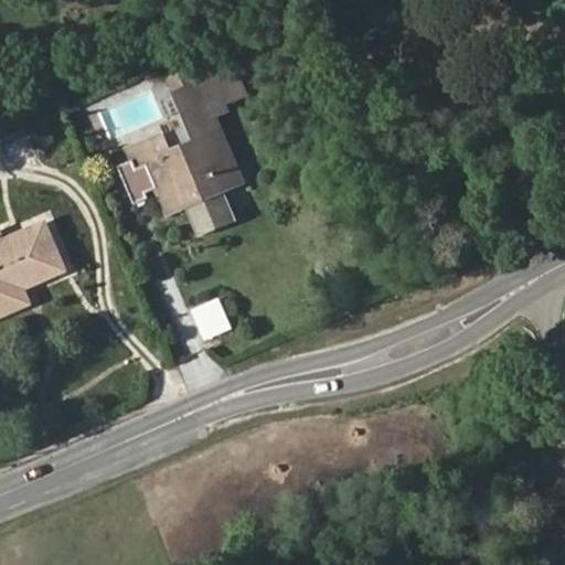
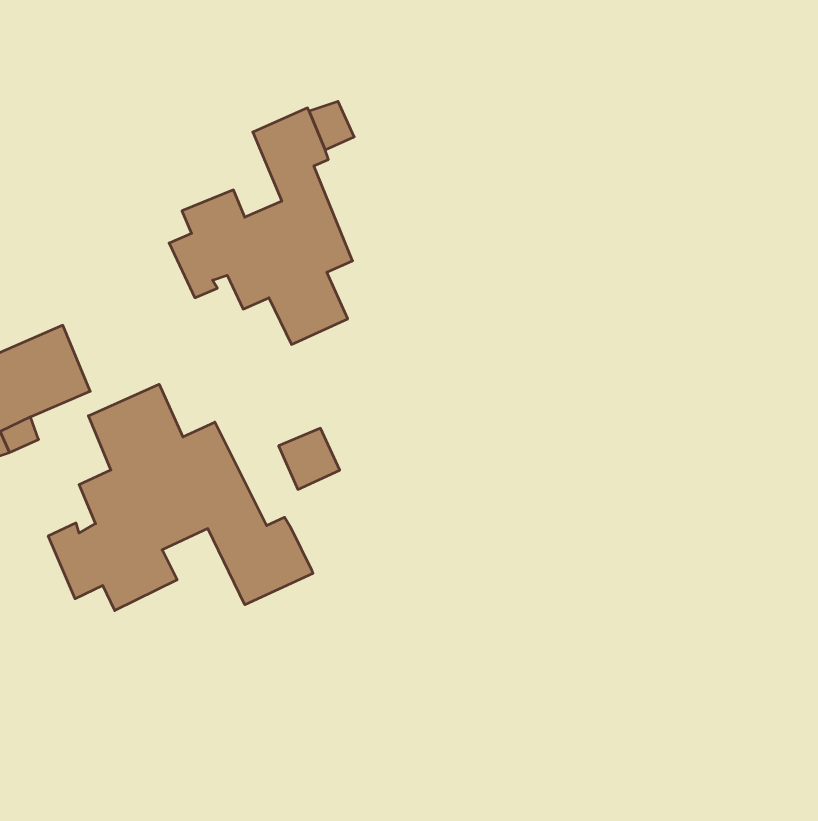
building: none -> [48,384,313,611]

